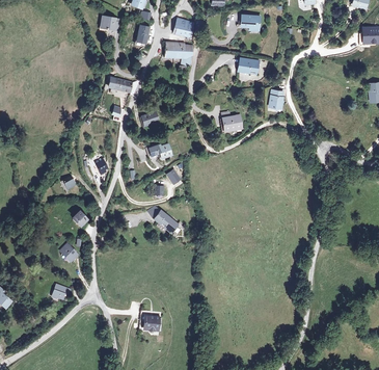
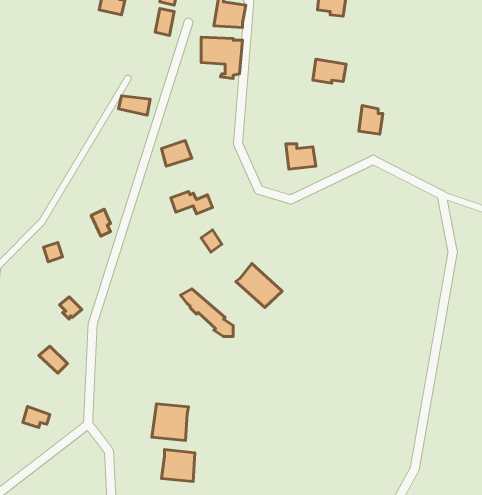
building: none -> [236,264,282,308]
building: none -> [152,404,188,440]

